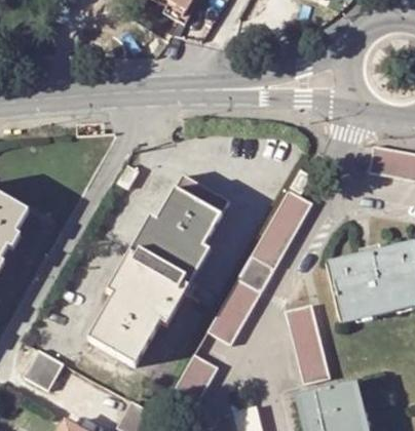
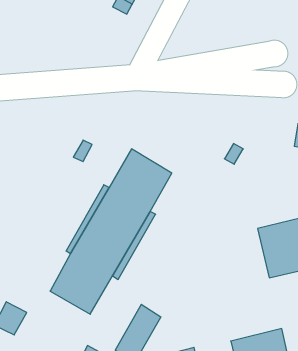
building: [250,191,311,270] -> none
building: [208,279,260,344] -> none
building: [288,305,331,385] -> none

